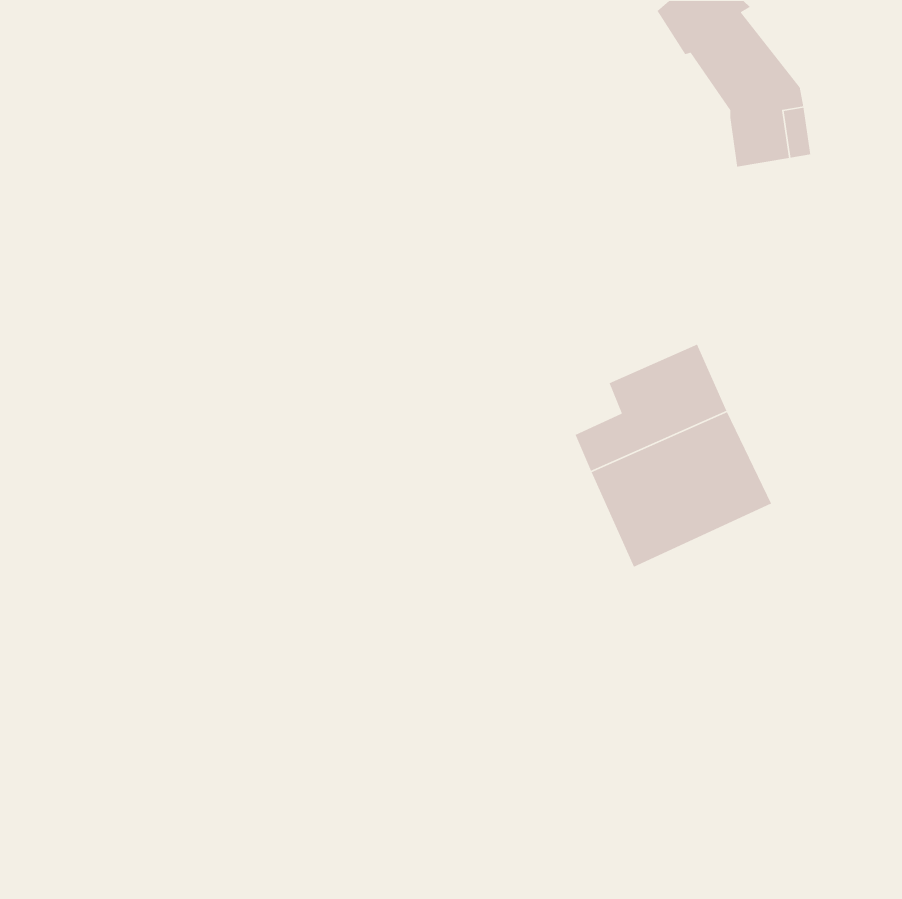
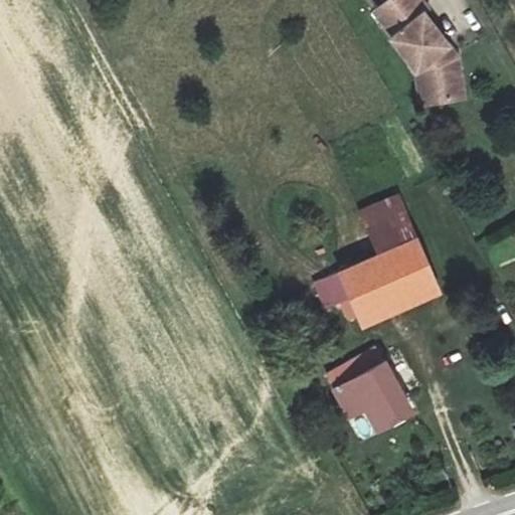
building: none -> [314,273,362,331]
building: none -> [327,349,414,432]

